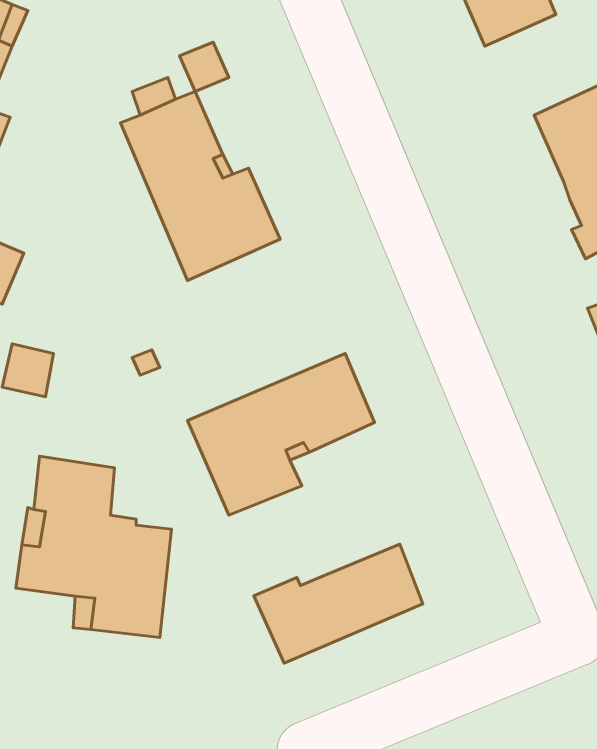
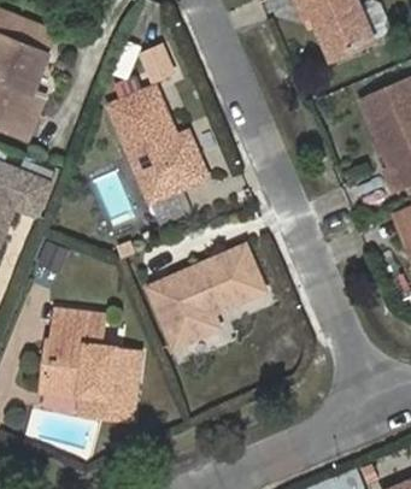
building: [254,544,423,663] -> none

